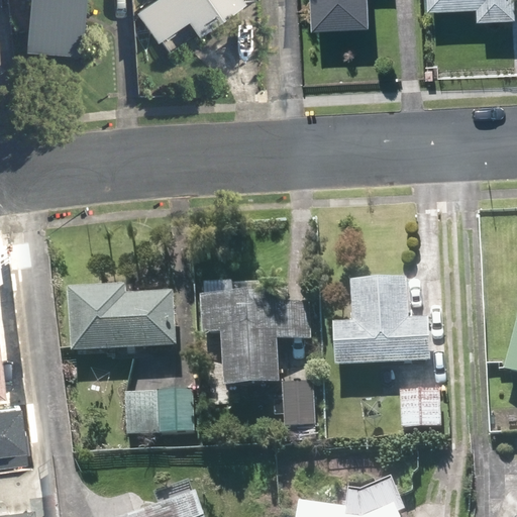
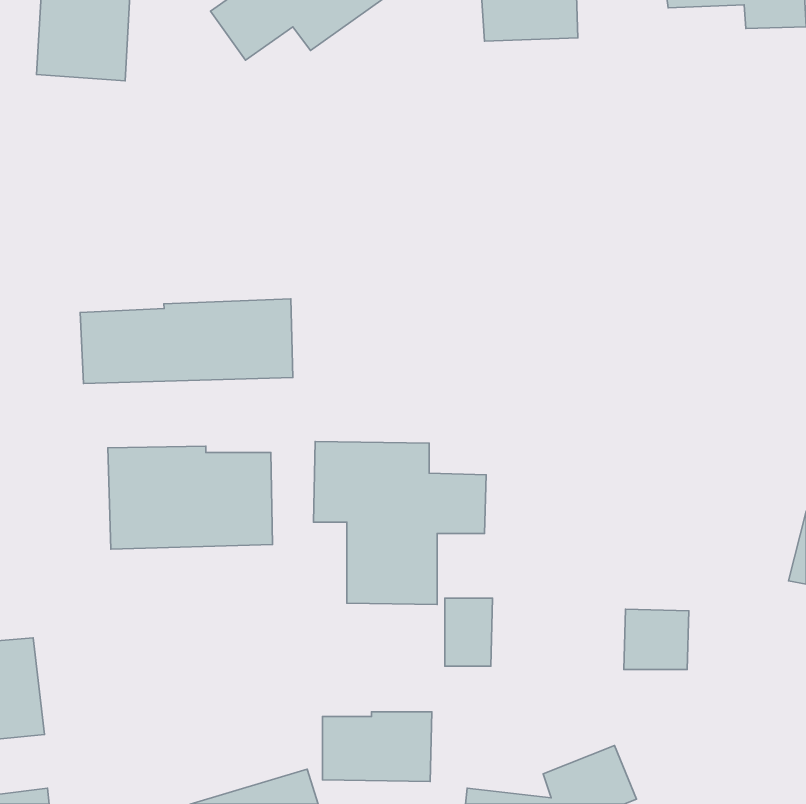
building: none -> [80,299,293,384]
building: [332,278,429,366] -> none
building: [124,389,194,433] -> [323,712,432,781]

